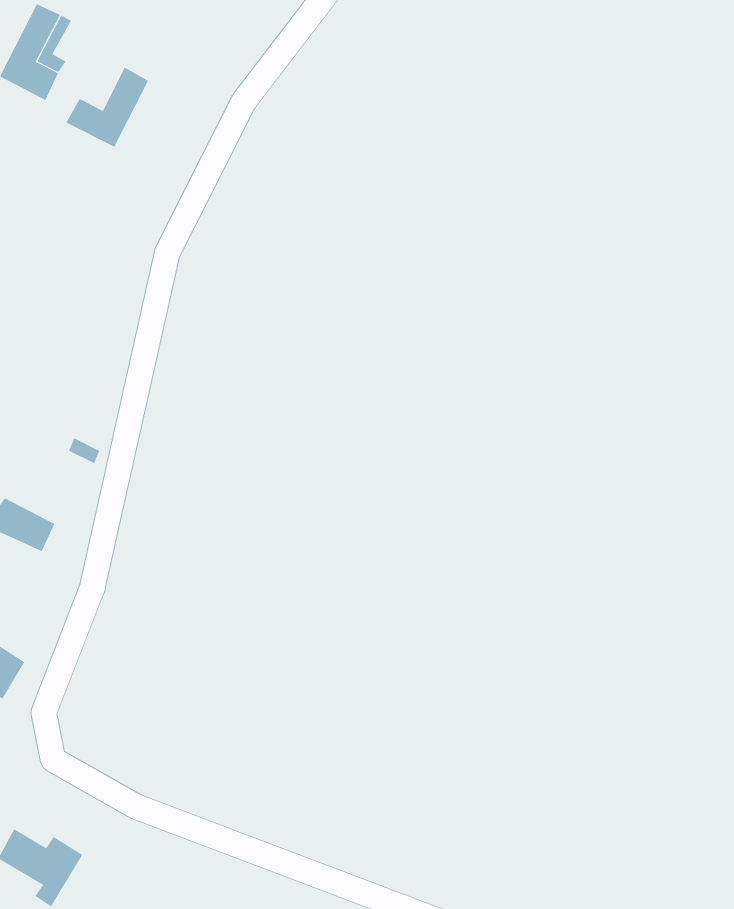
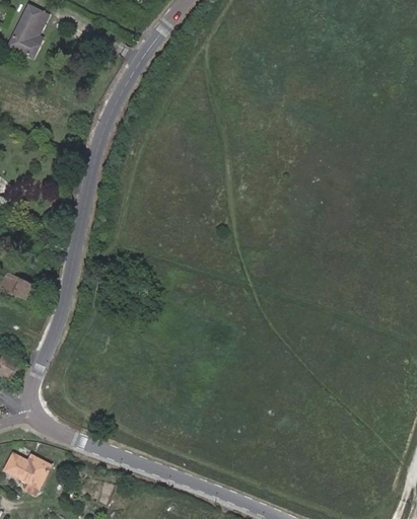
building: [65,67,149,148] -> none

